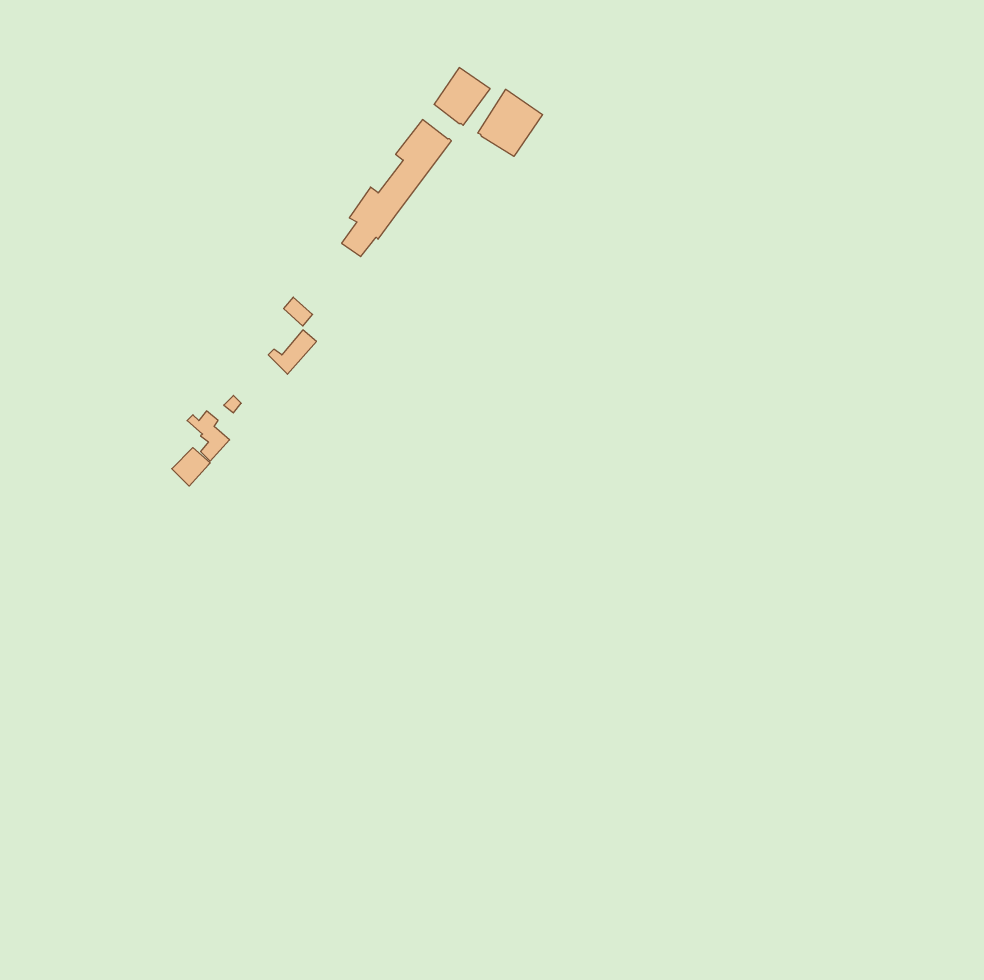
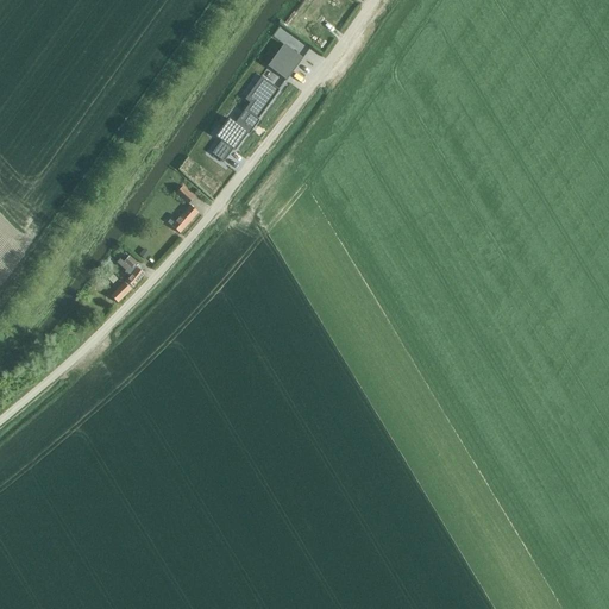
building: [478,89,543,156] -> none

